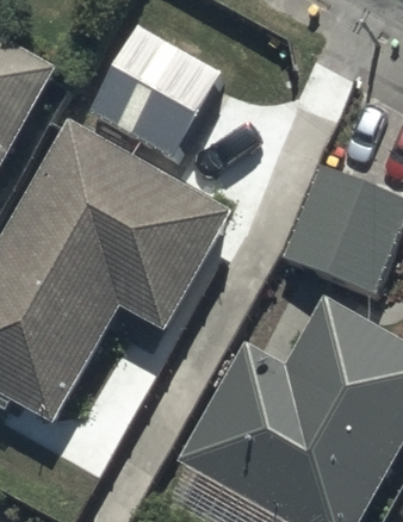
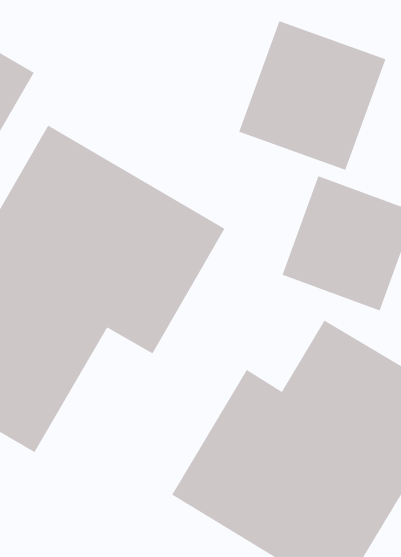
building: none -> [238,20,386,171]
building: [87,25,222,157] -> none

